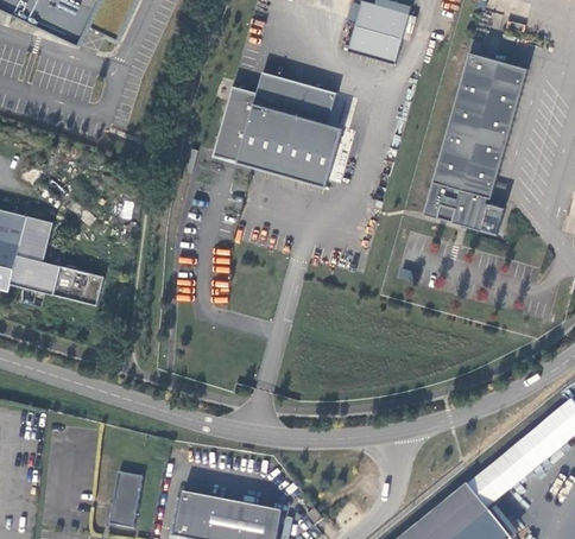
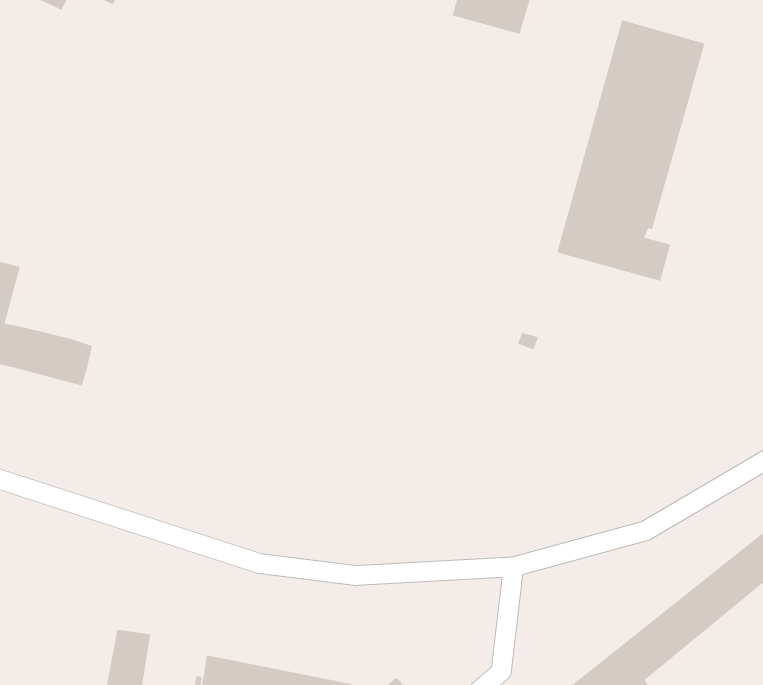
building: [214,70,345,186] -> none

